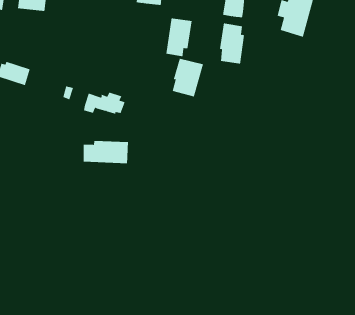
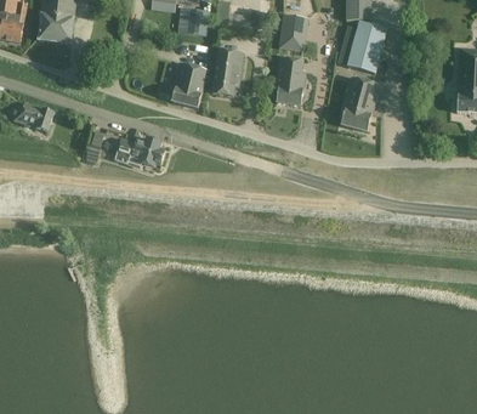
building: none -> [340,78,376,131]
building: [172,58,204,97] -> [170,62,208,108]
building: [83,140,128,164] -> none

